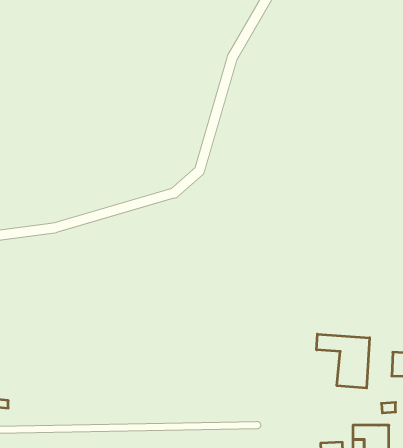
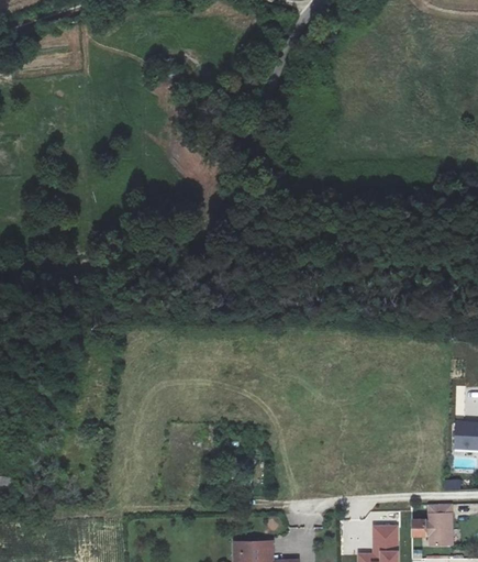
building: [317,334,370,388] -> none

